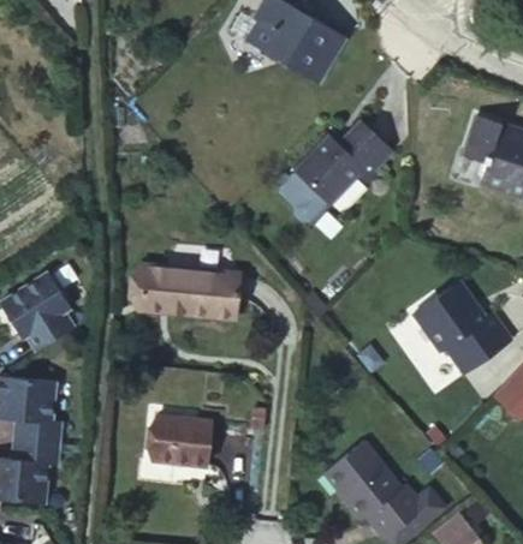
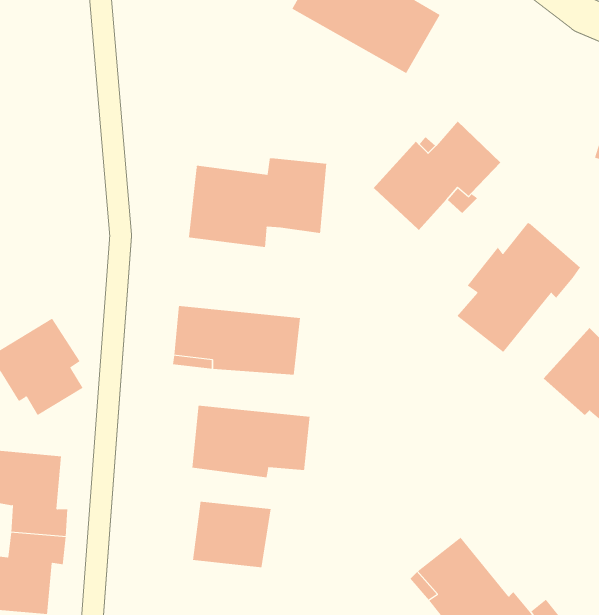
building: none -> [187,158,327,248]
building: [275,173,328,225] -> none
building: none -> [457,222,581,353]
building: none -> [192,405,310,478]

